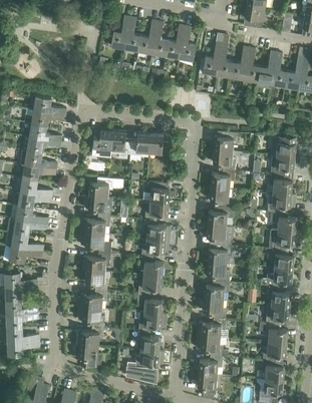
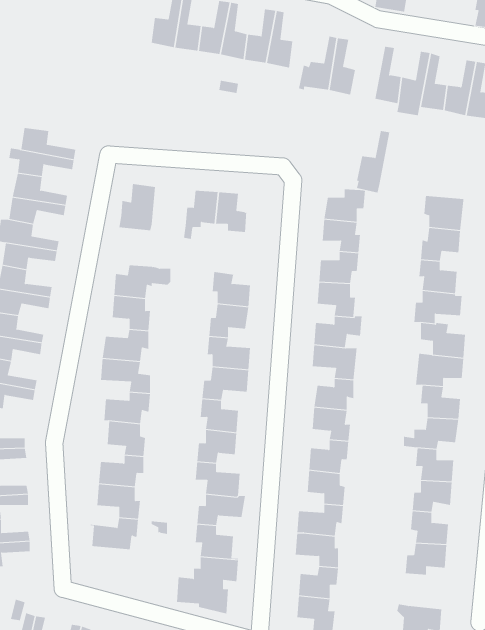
building: [229,47,249,84] -> [356,130,390,193]
building: [111,131,131,159] -> none
building: [72,344,101,365] -> none
building: [261,360,284,381] -> none

